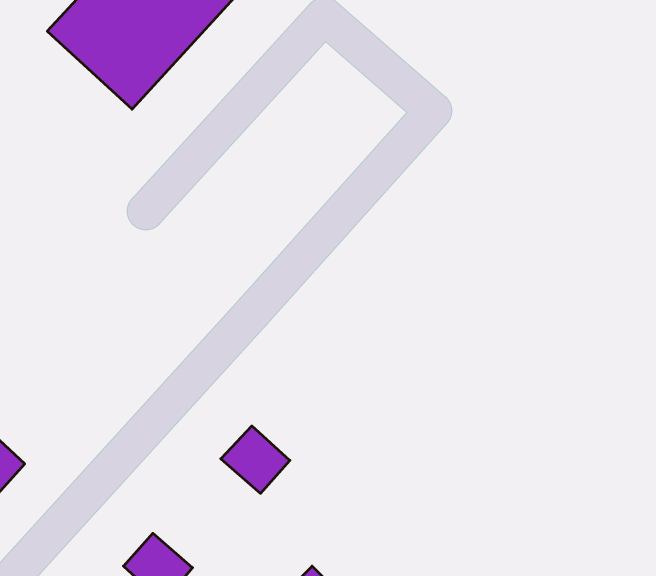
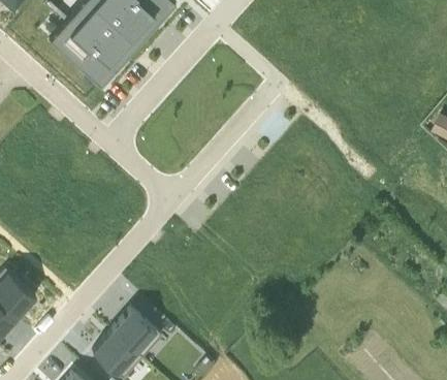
building: [221,426,290,493] -> [113,318,154,358]

